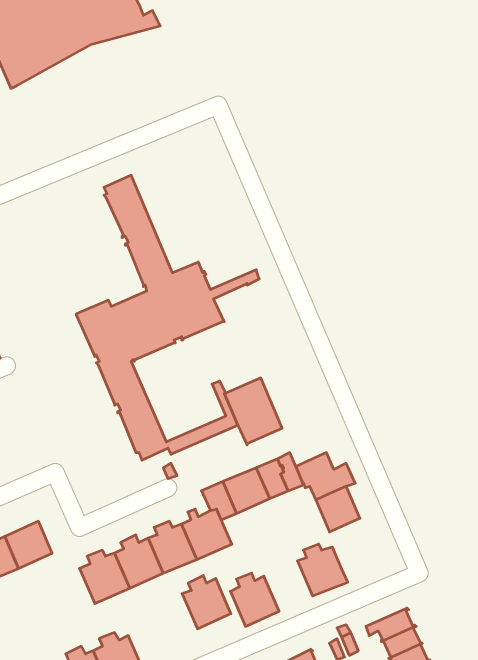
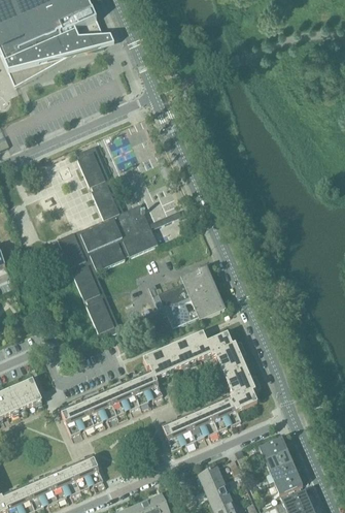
building: none -> [180,265,222,318]
building: none -> [229,373,261,409]
building: [182,575,231,629] -> [184,402,217,438]

